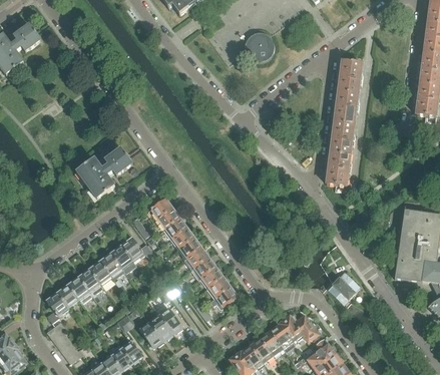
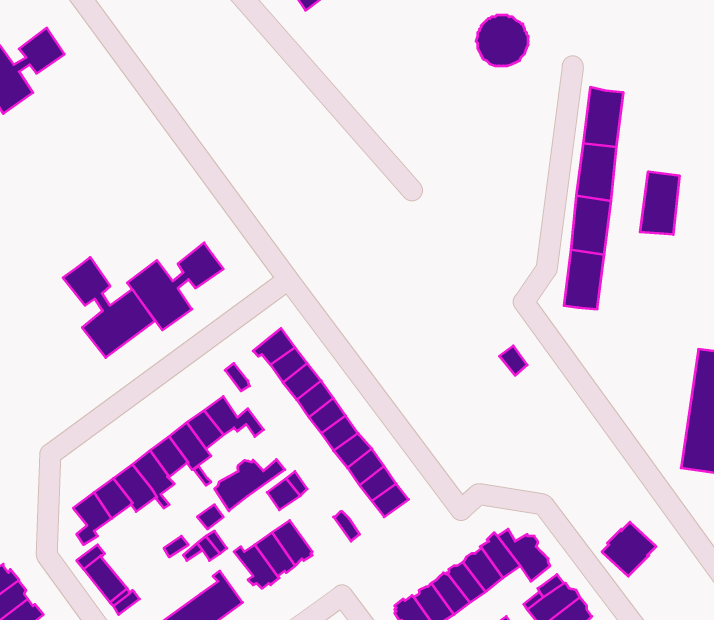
building: [244,32,274,61] -> [476,15,528,66]
building: none -> [640,172,679,235]
building: none -> [63,257,155,358]
building: [328,273,359,304] -> [602,522,656,576]
building: none -> [215,459,285,511]

